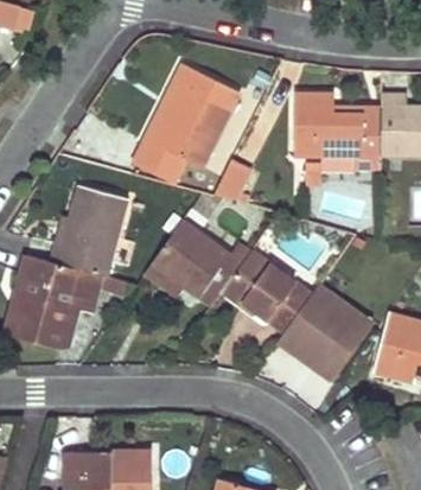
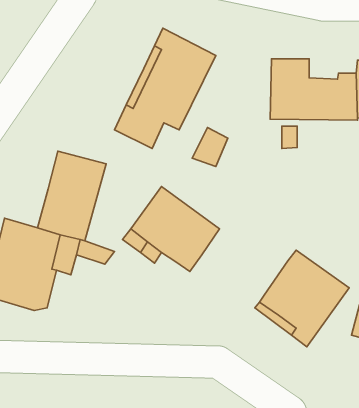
building: [223,253,310,331] -> none

